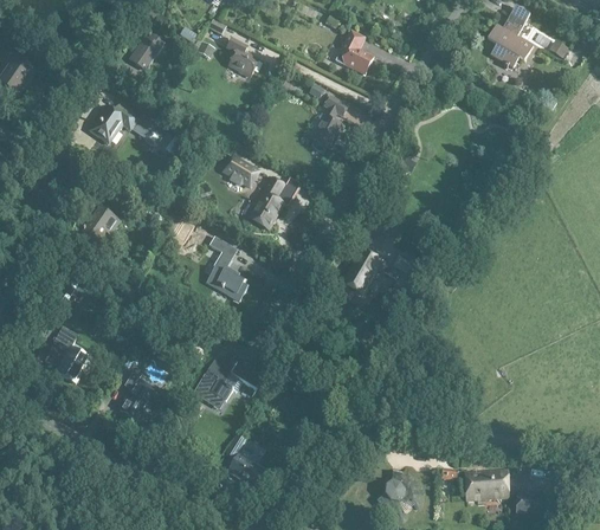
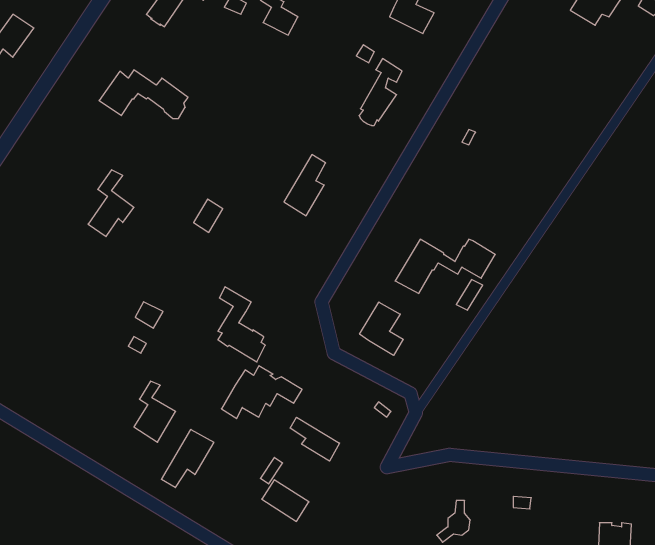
building: [220,155,259,189] -> none
building: [207,237,247,300] -> [218,287,265,362]
building: none -> [360,302,403,355]
building: [52,327,90,383] -> none
building: none -> [290,417,340,461]
building: none -> [161,429,214,488]
building: [464,471,508,500] -> none

